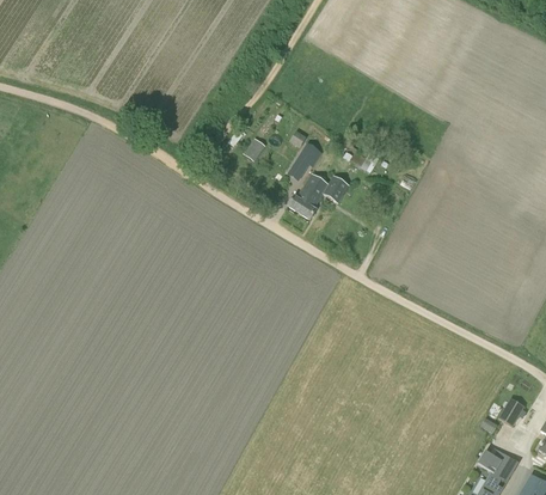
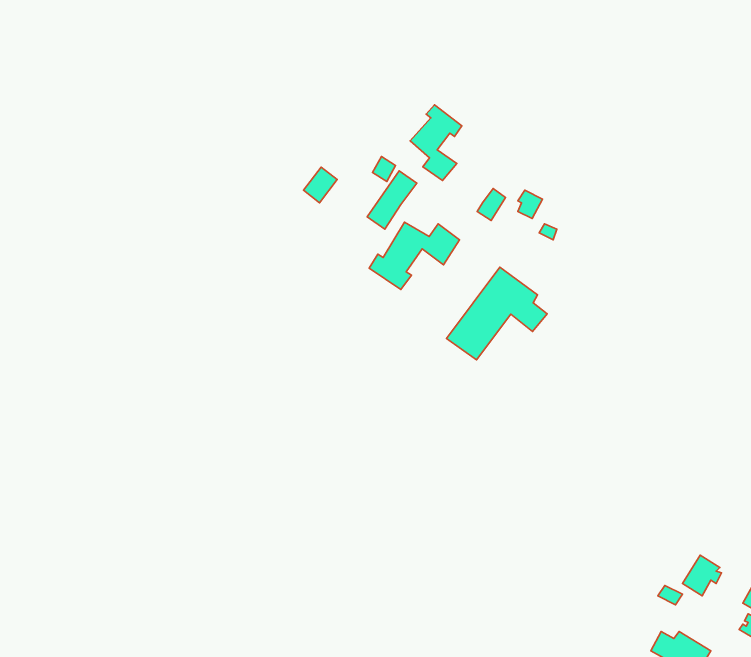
building: none -> [410,105,462,181]
building: none -> [446,267,547,360]

